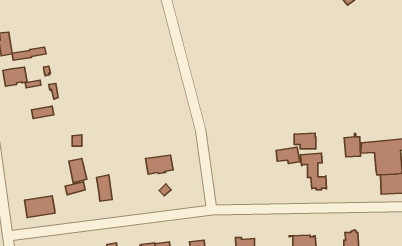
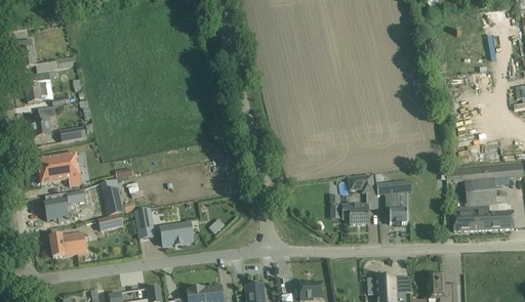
building: none -> [30,106,55,137]
building: none -> [37,153,86,185]
building: [294,133,316,149] -> [342,205,368,223]
building: [344,133,361,157] -> [452,203,472,230]
building: [145,155,173,174] -> [160,223,193,246]
building: none -> [44,189,83,221]

